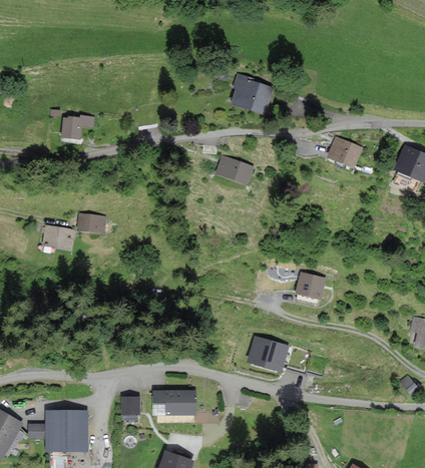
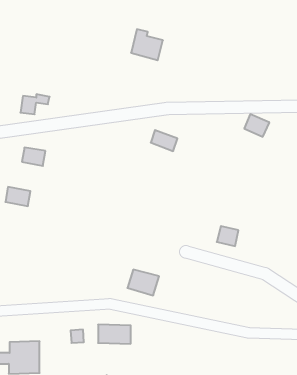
building: [232,74,270,111] -> [131,29,163,60]
building: [77,212,105,235] -> [22,148,45,166]
building: [248,338,286,369] -> [127,270,159,295]

